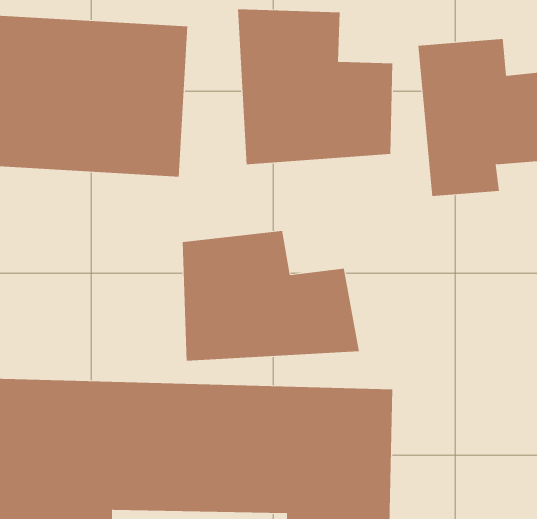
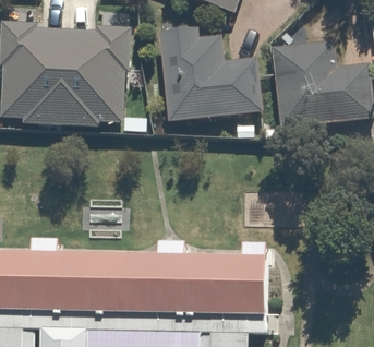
building: [182,230,359,362] -> none

